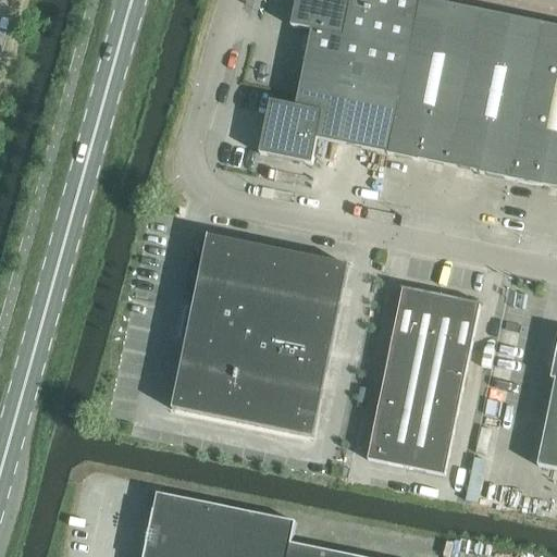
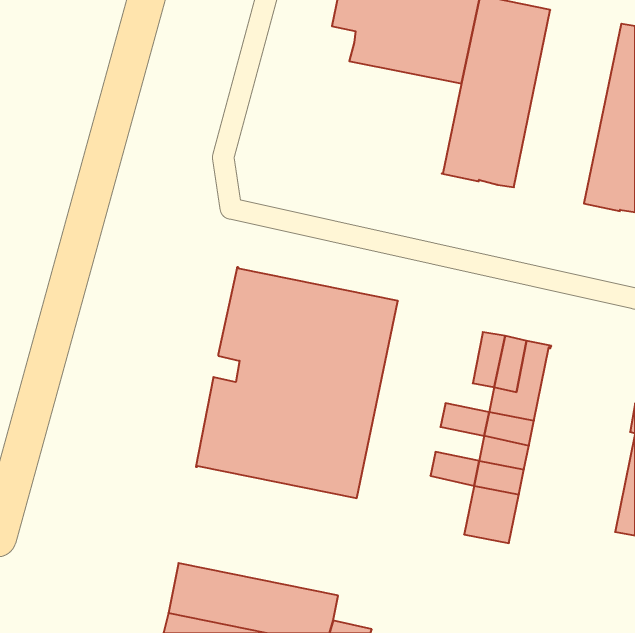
building: [448,9,542,177] -> none
building: [258,53,403,162] -> none
building: [388,285,431,359] -> none
building: [380,372,422,401] -> none
building: [366,414,413,466] -> none

